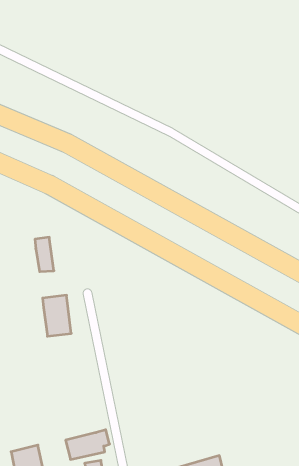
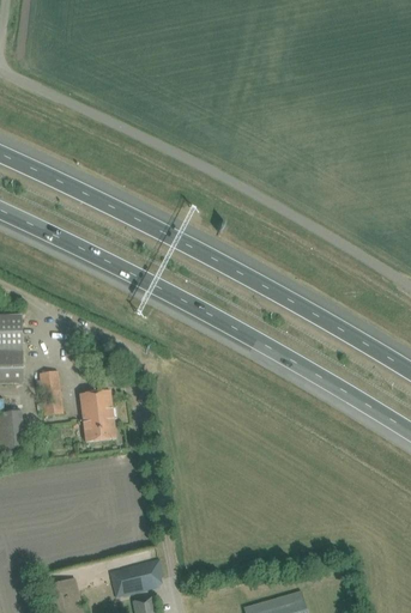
building: [35,237,54,272] -> [40,371,64,414]

